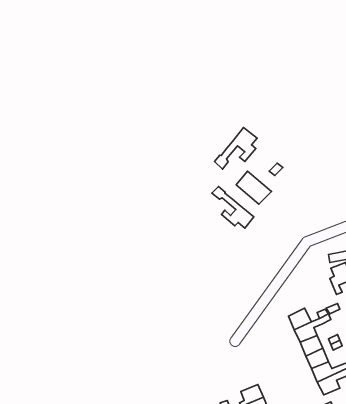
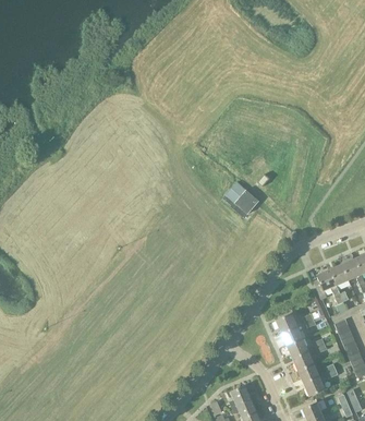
building: [214,128,257,169] -> none
building: [212,186,254,228] -> none

